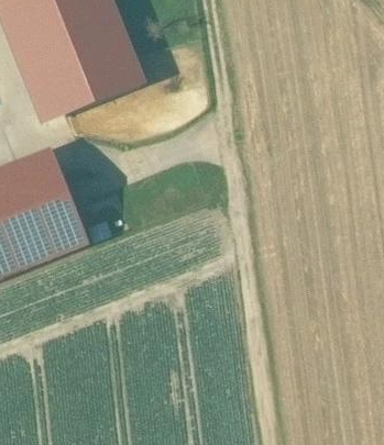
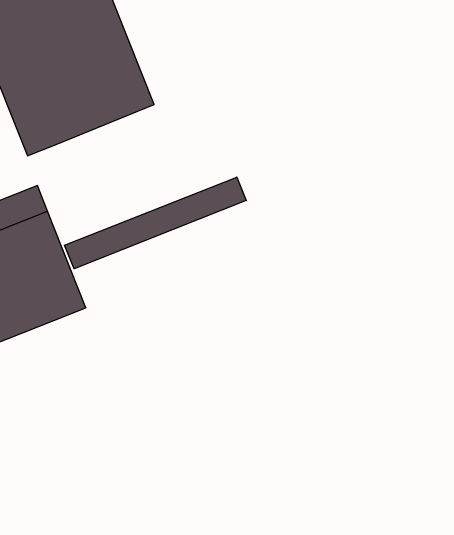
building: none -> [65,177,246,269]

